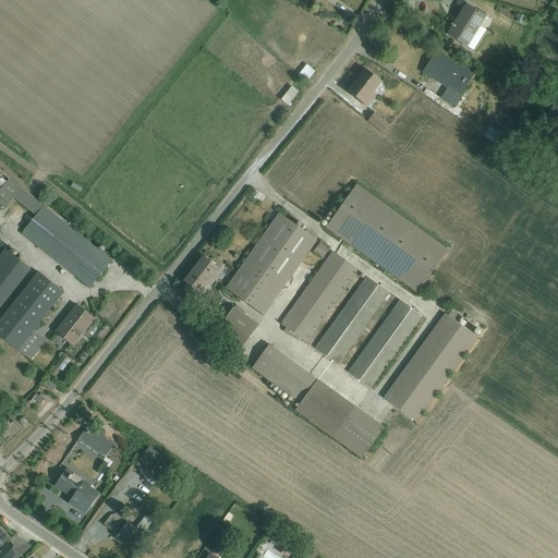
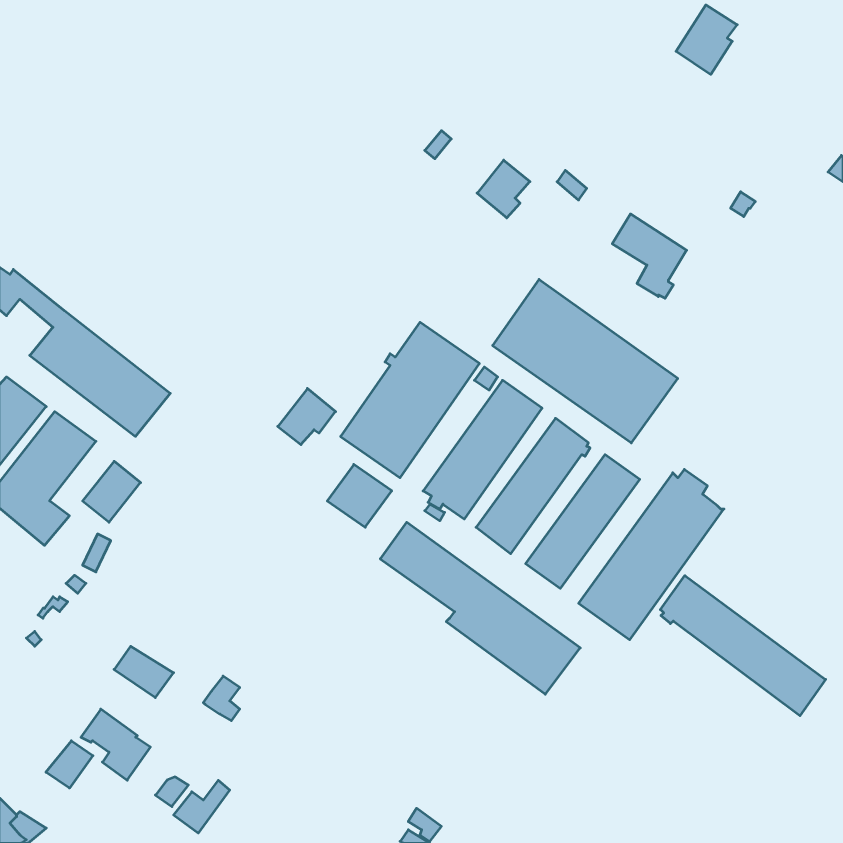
building: [424,52,473,108] -> [612,214,687,298]
building: [347,69,381,107] -> [477,160,530,218]
building: none -> [660,576,826,716]
building: none -> [46,741,93,788]

